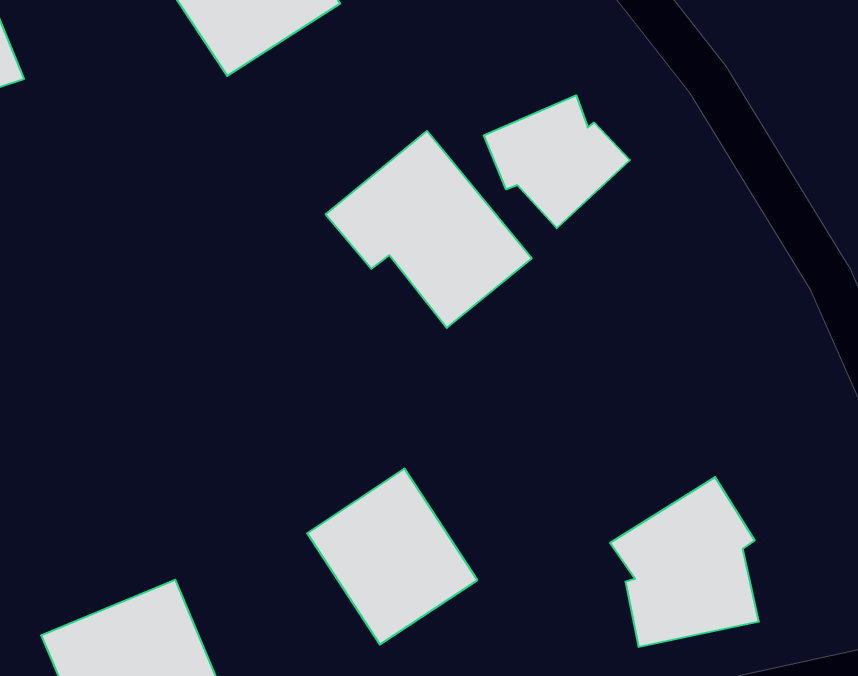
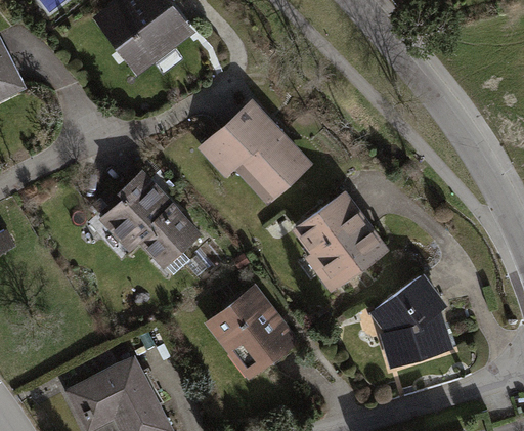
building: [484,95,630,228] -> none
building: none -> [98,169,204,273]
building: none -> [292,191,389,294]

